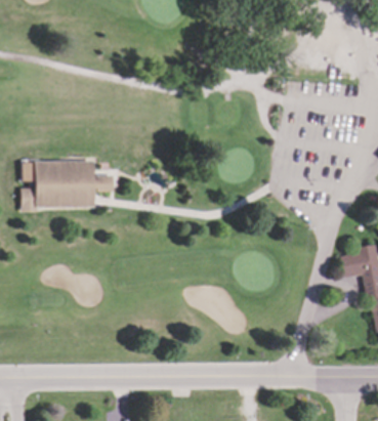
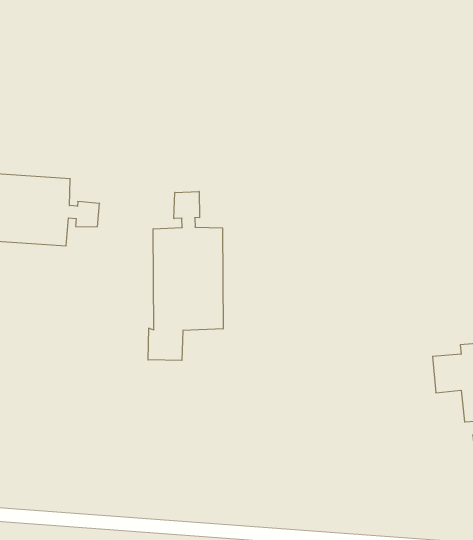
building: none -> [148,191,223,360]

